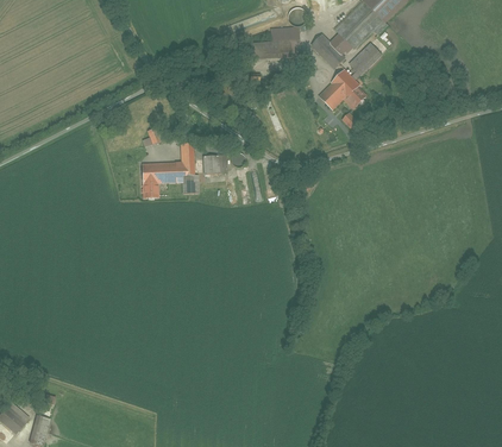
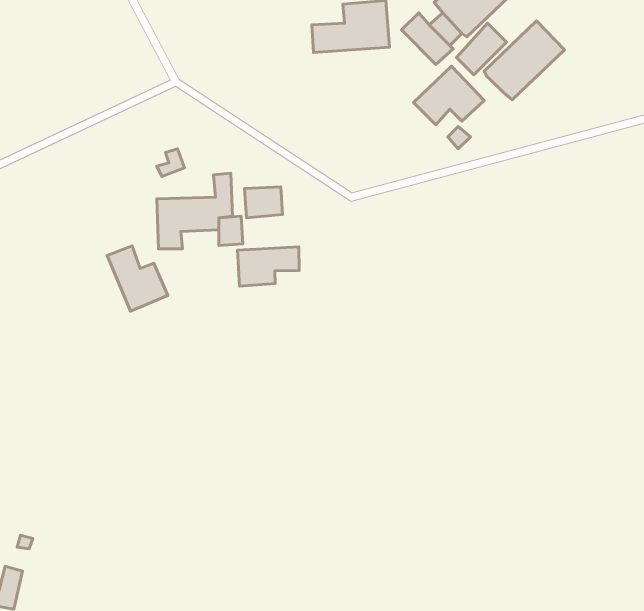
building: none -> [484,21,565,100]
building: none -> [107,246,168,311]
building: none -> [237,247,299,286]

